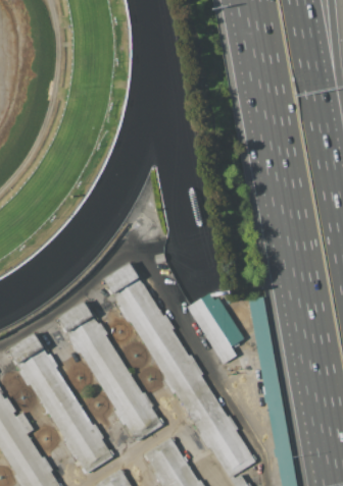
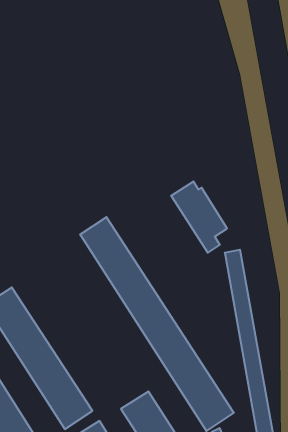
building: [188,292,244,364] -> [171,181,227,253]
building: [57,301,166,443] -> none

